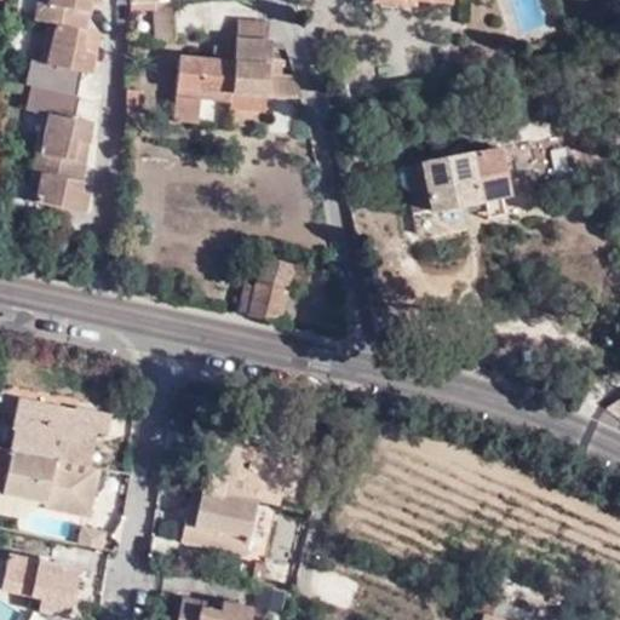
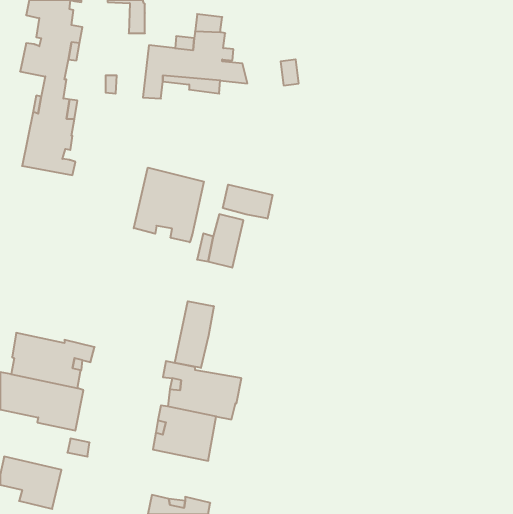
building: [412,150,507,216] -> none
building: none -> [134,168,204,242]
building: none -> [223,185,273,219]
building: none -> [175,301,214,368]

